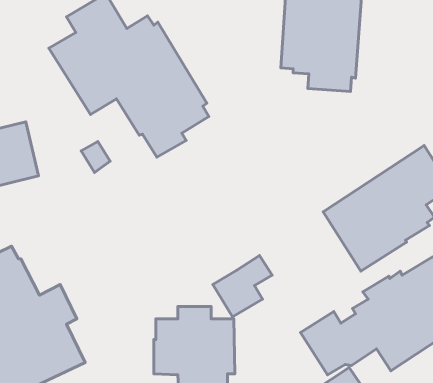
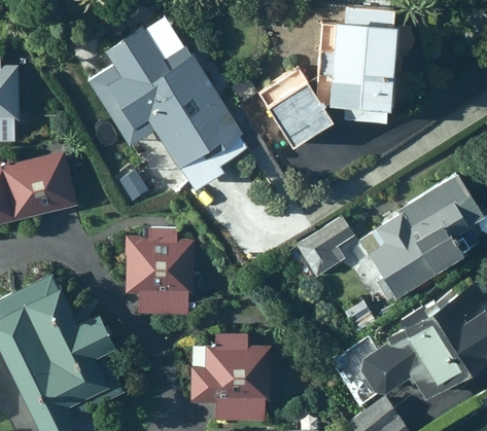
building: none -> [258,70,332,149]
building: none -> [126,228,195,314]
building: [213,256,272,317] -> [297,217,355,278]

